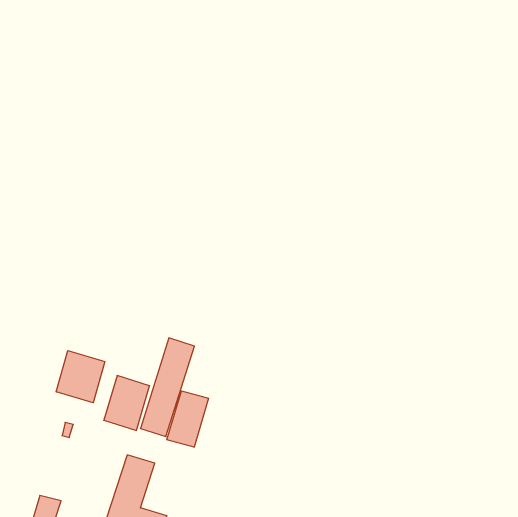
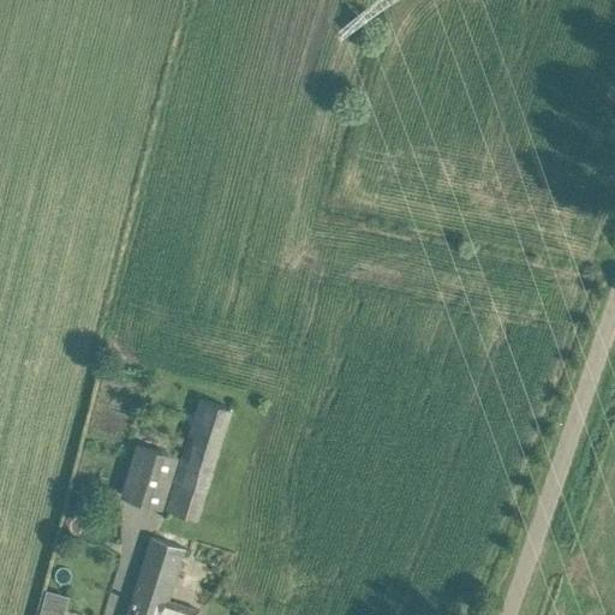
building: [56,351,105,403] -> none
building: [167,391,209,447] -> none

